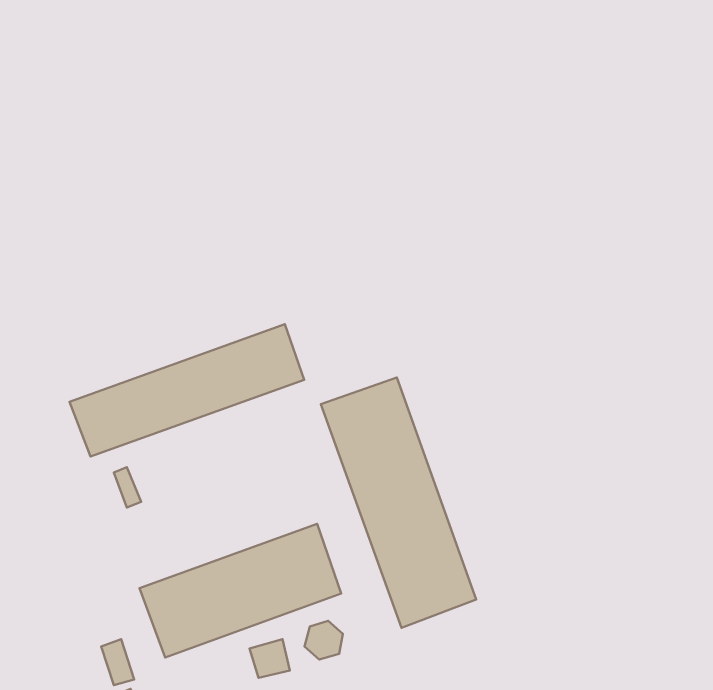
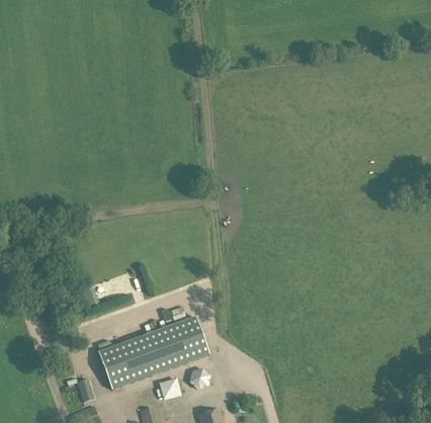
building: [69,324,304,457] -> none
building: [321,378,476,628] -> none

